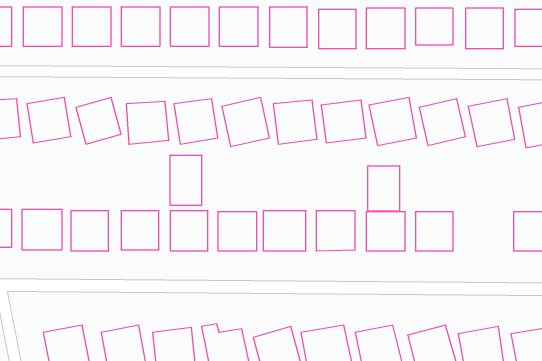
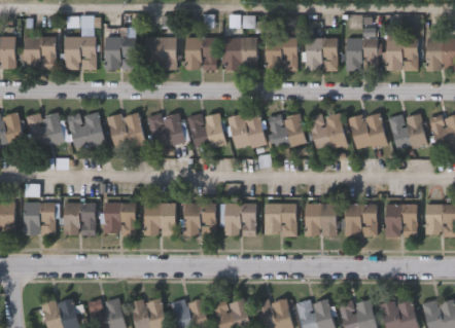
building: [170,155,202,205] -> none
building: [368,166,400,211] -> none
building: none -> [385,204,417,236]

